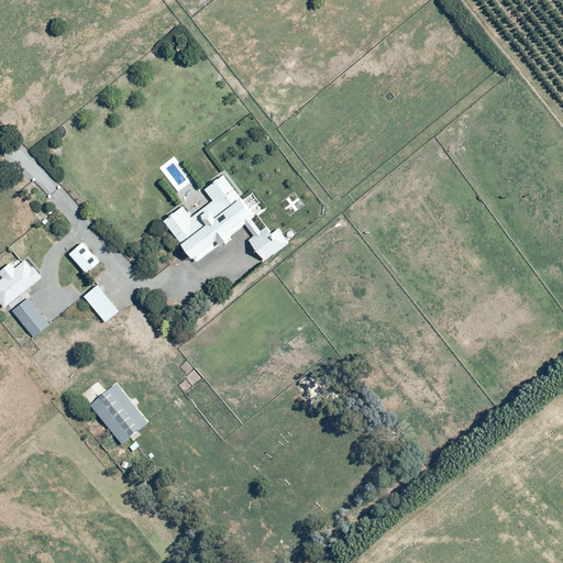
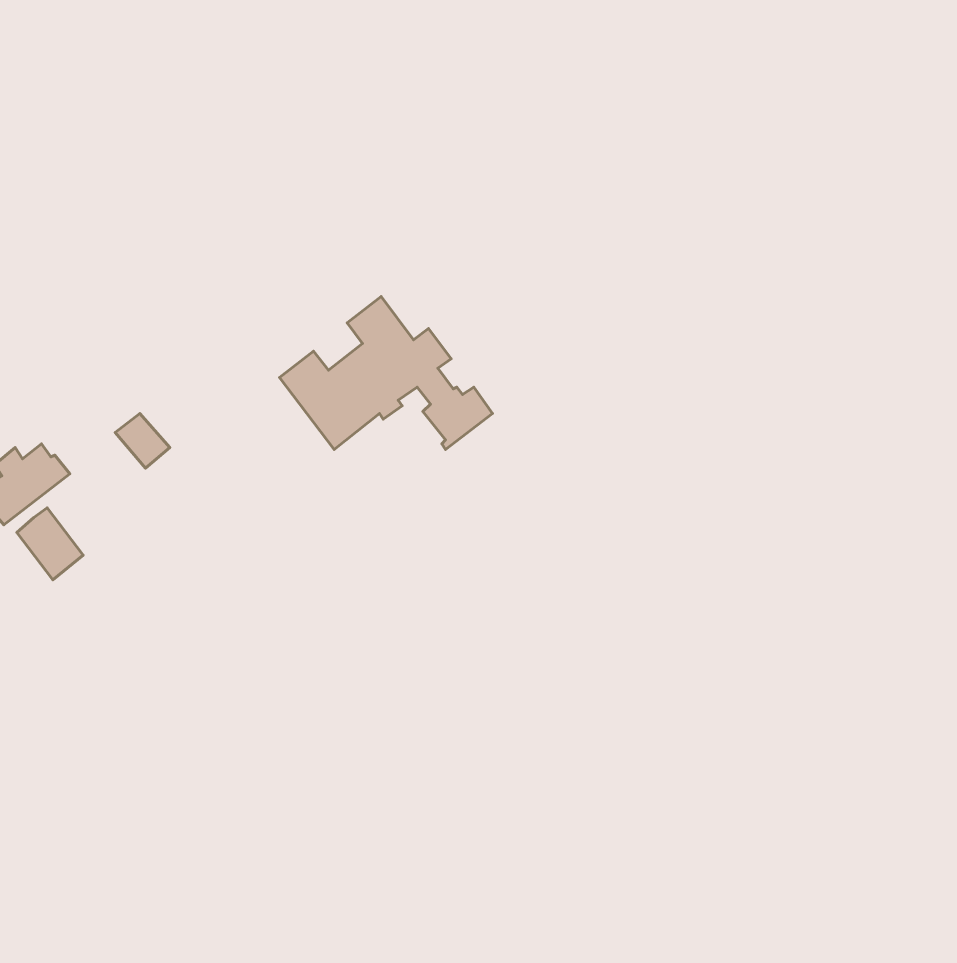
building: [81,283,119,322] -> none
building: [79,380,146,444] -> none

